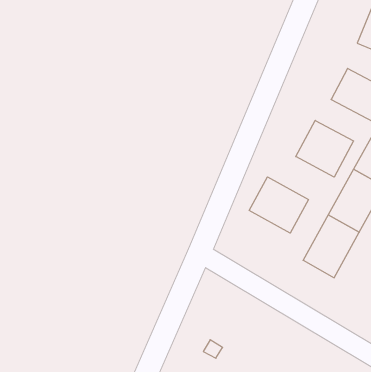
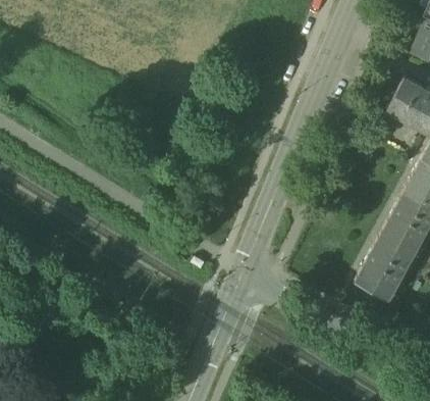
building: [296,120,354,177] -> none
building: [249,177,308,233] -> none

